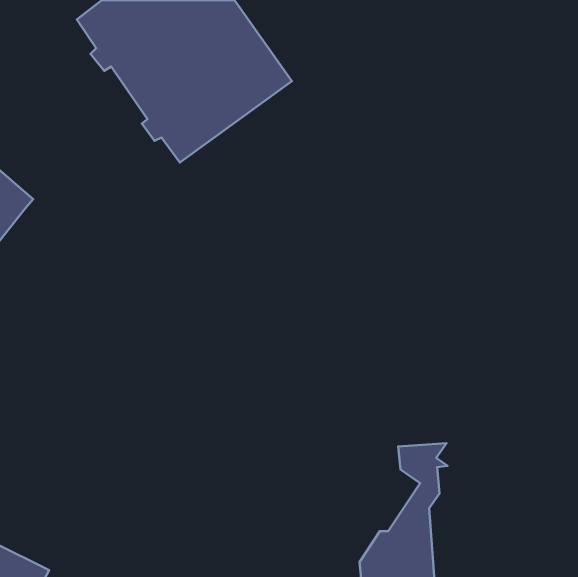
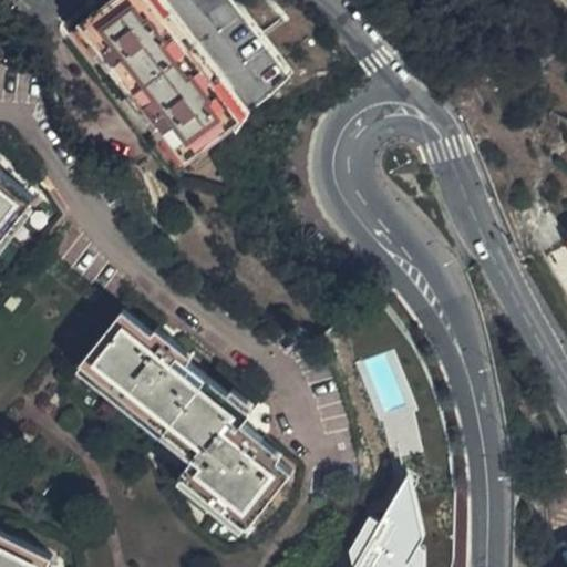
building: none -> [79,316,289,532]

